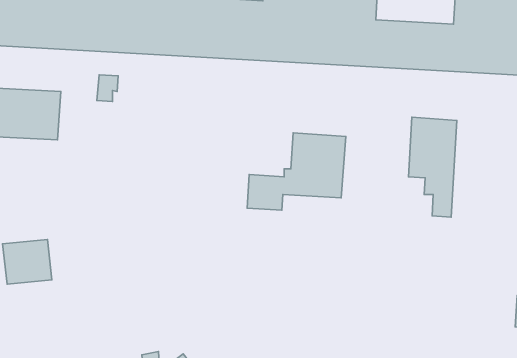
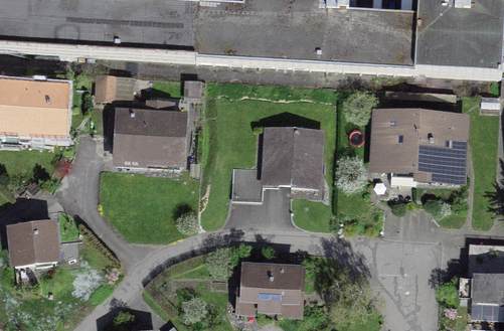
building: none -> [117,97,184,157]
building: none -> [414,112,463,199]
building: none -> [237,262,304,307]

